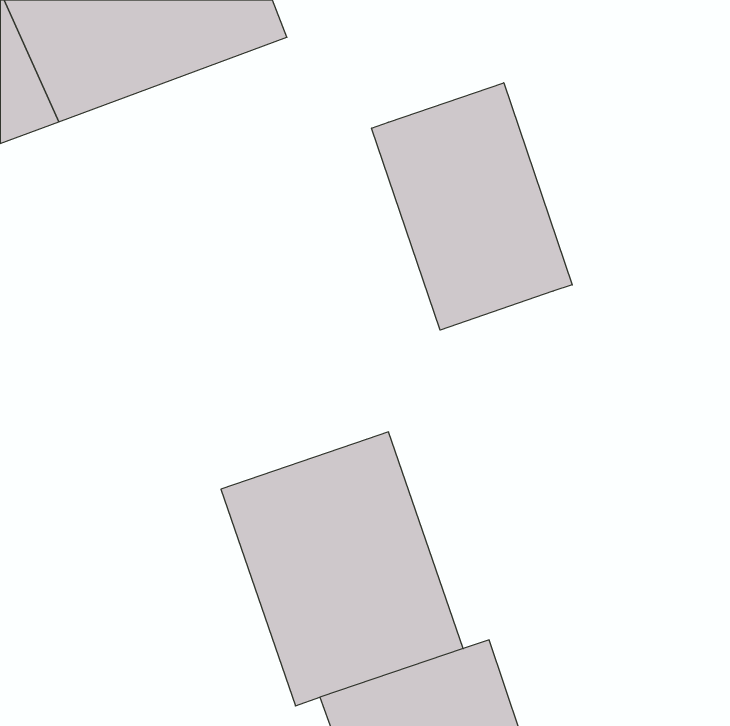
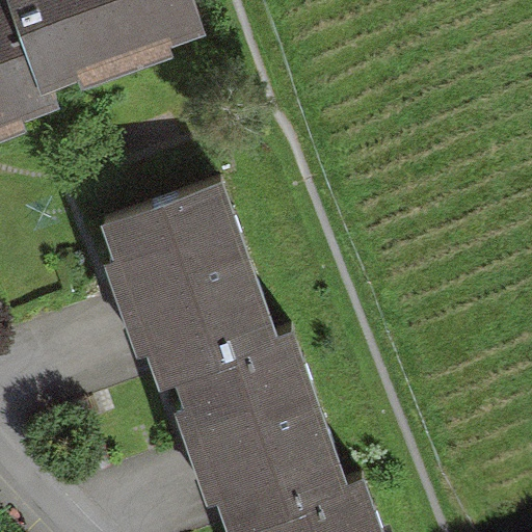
building: [372,83,572,330] -> none
building: none -> [98,171,268,364]

